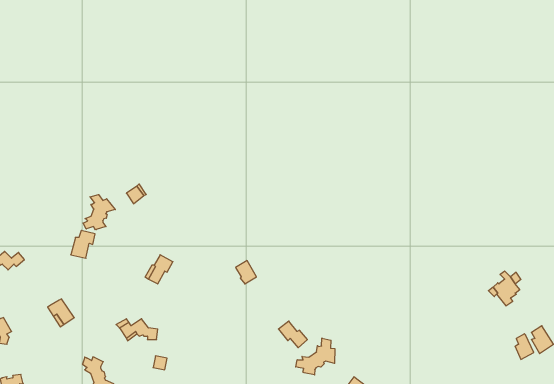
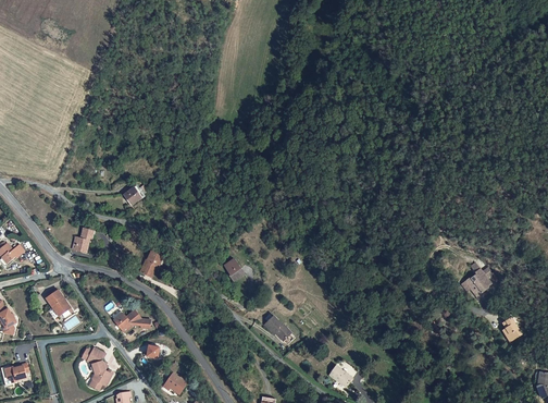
building: [83,195,115,230] -> none
building: [296,338,335,375] -> none

